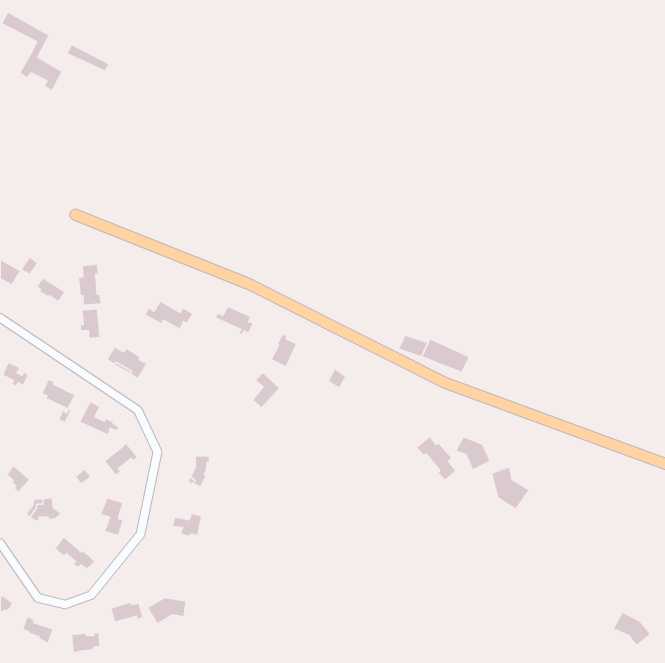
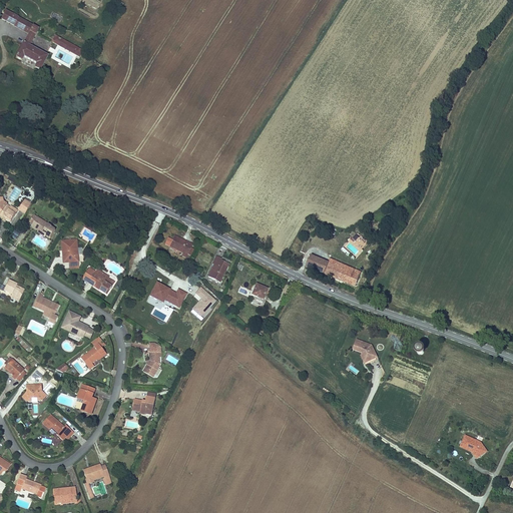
building: [78,264,101,305] -> none
building: [145,301,193,329] -> [150,284,187,306]
building: [416,436,456,480] -> none
building: [491,467,530,510] -> none
building: [147,598,186,624] -> none
building: [613,612,651,646] -> [459,431,488,457]

